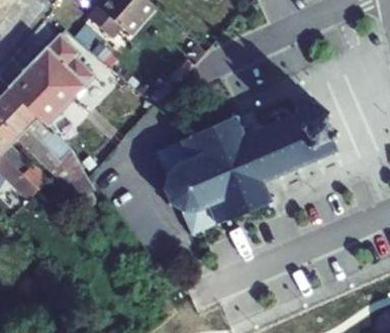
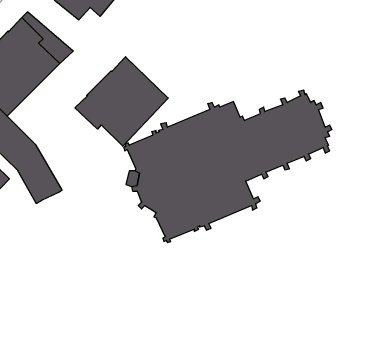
building: none -> [75,57,168,146]

